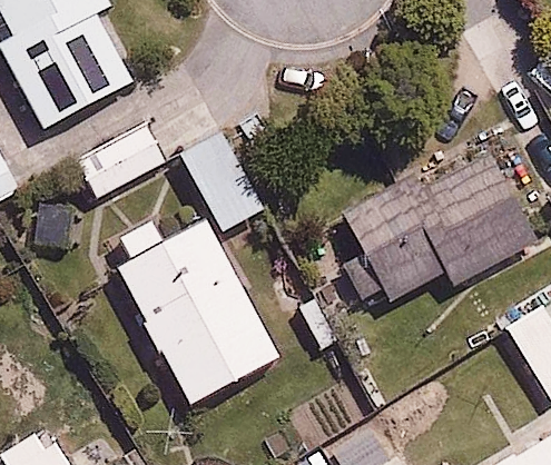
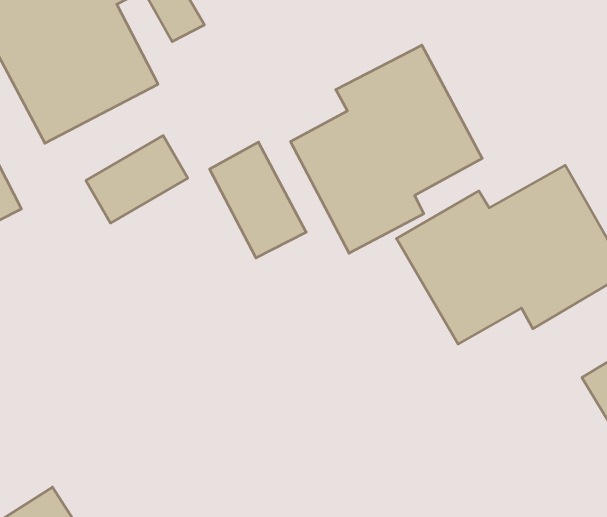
building: none -> [291,45,482,253]
building: [117,220,279,404] -> none

